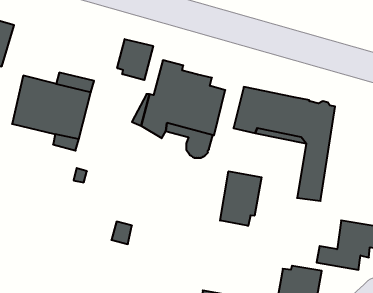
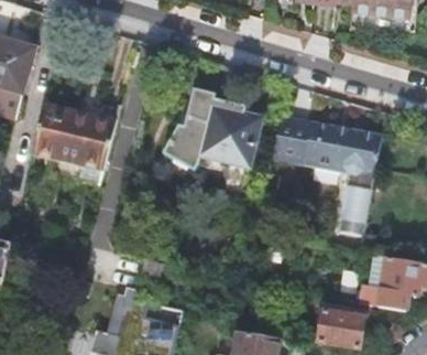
building: [117,39,153,80] -> none
building: [220,171,262,226] -> none

